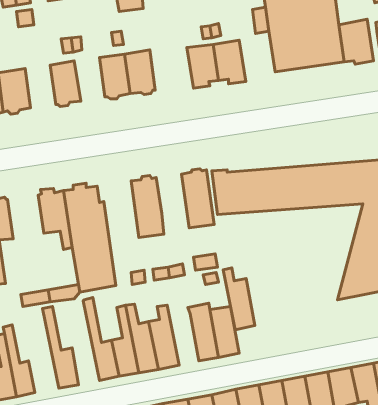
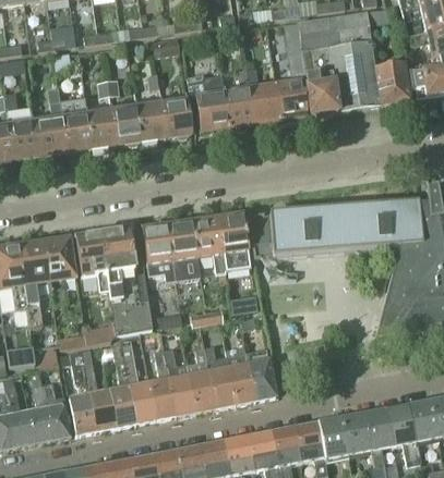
building: none -> [188,73,230,134]
building: none -> [276,79,308,124]
building: none -> [59,91,93,151]
building: none -> [111,100,142,145]
building: none -> [193,216,226,273]
building: none -> [142,222,176,281]
building: none -> [45,236,77,304]
building: [223,268,255,330] -> [204,345,236,407]
building: none -> [109,343,136,427]
building: none -> [61,351,96,434]

